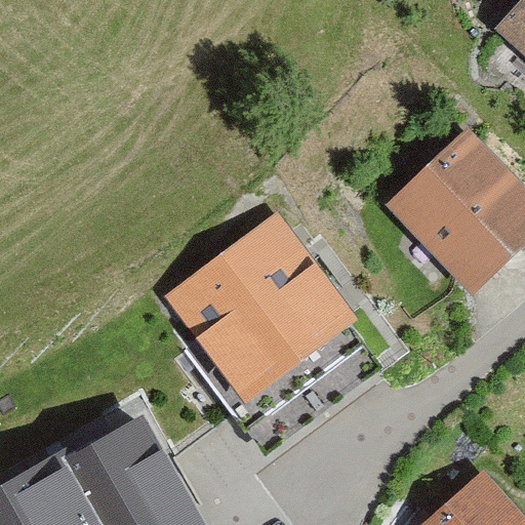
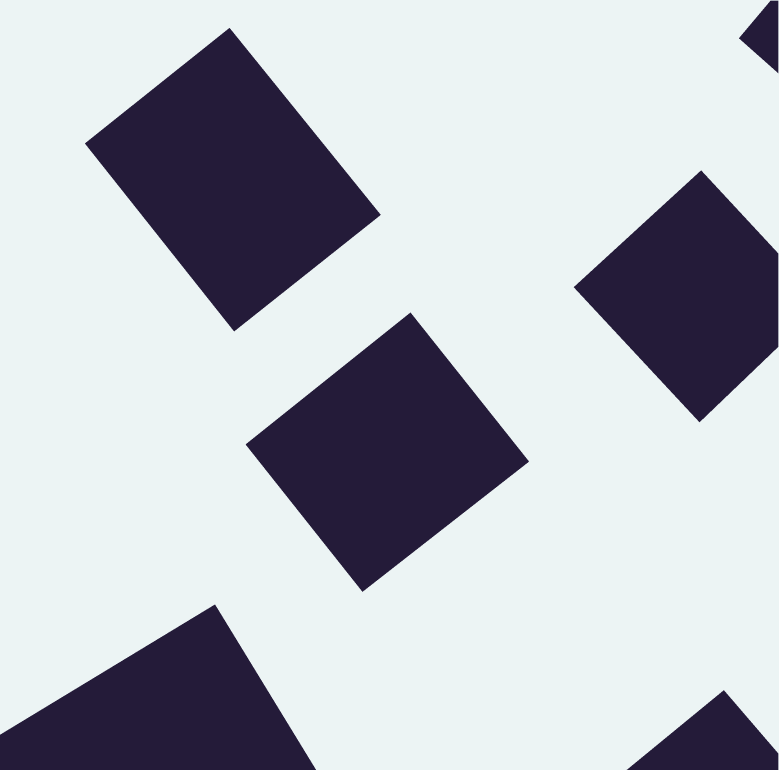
building: none -> [84,27,382,333]

